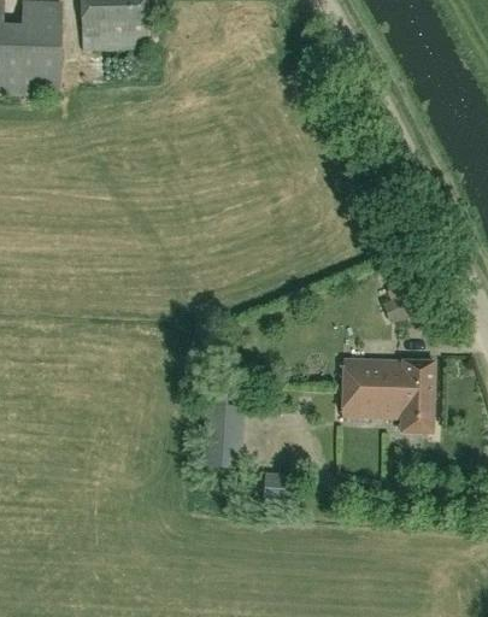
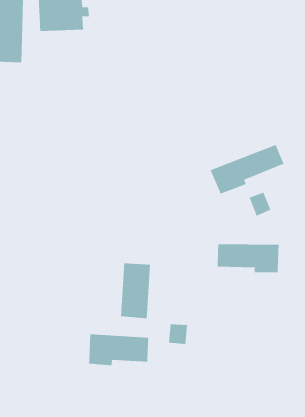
building: none -> [210,144,284,194]
building: [340,393,431,431] -> none
building: none -> [89,334,149,366]

